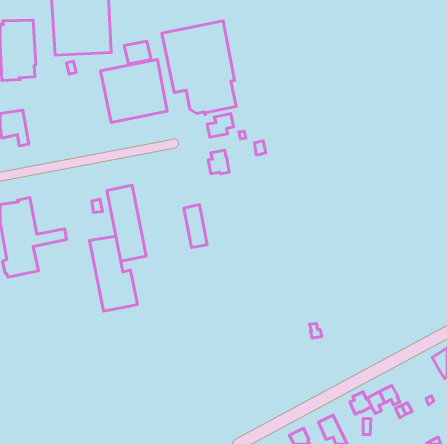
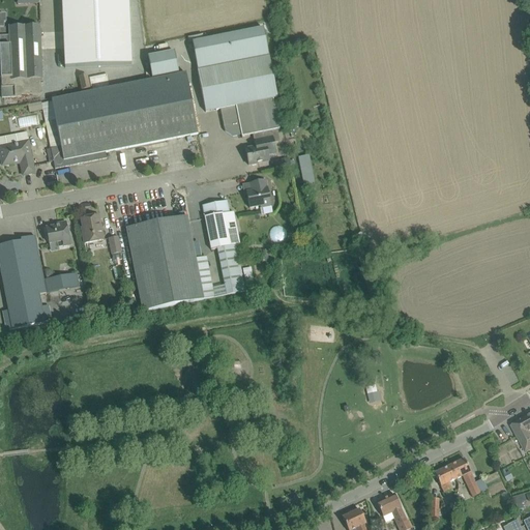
building: none -> [42,84,131,167]
building: none -> [203,199,240,247]
building: none -> [81,213,104,241]
building: none -> [47,219,71,244]
building: [89,236,138,311] -> [156,214,213,303]
building: [350,392,372,414] -> none

